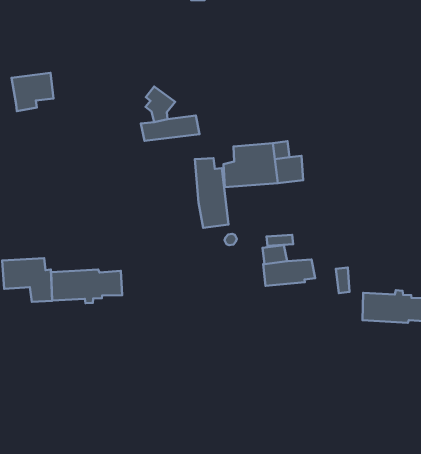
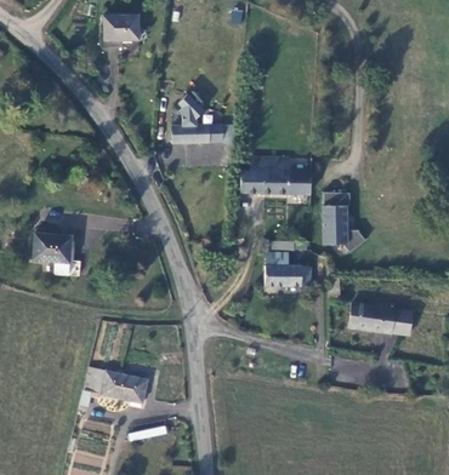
building: [11,73,53,111] -> [103,16,138,46]
building: [195,158,229,228] -> [323,182,347,244]
building: [51,270,122,303] -> none
building: none -> [80,365,148,405]

